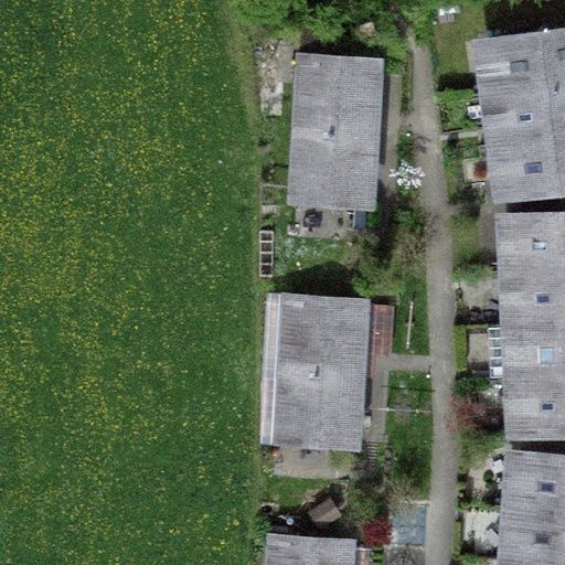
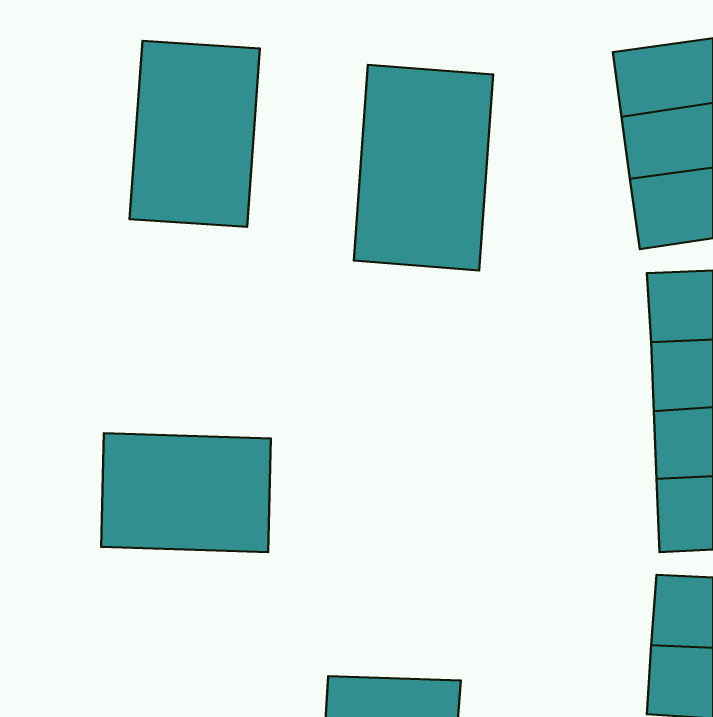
building: none -> [130,41,260,227]
building: [271,297,375,440] -> none
building: none -> [101,433,271,552]

